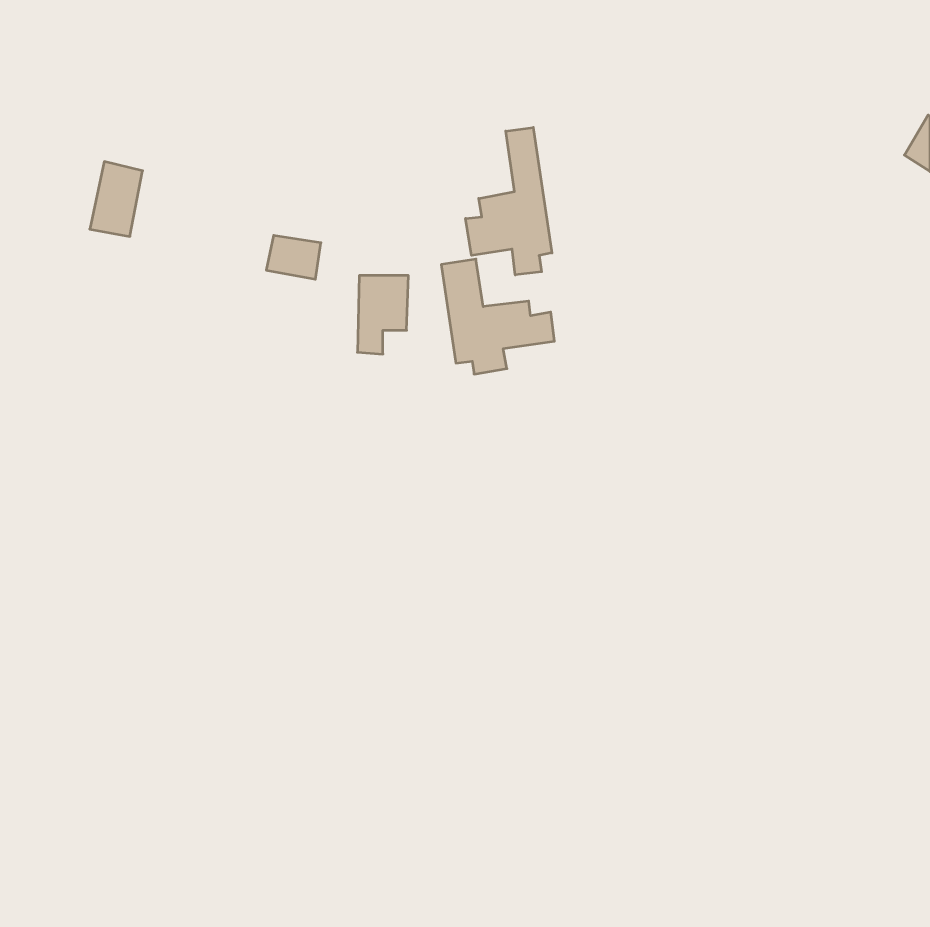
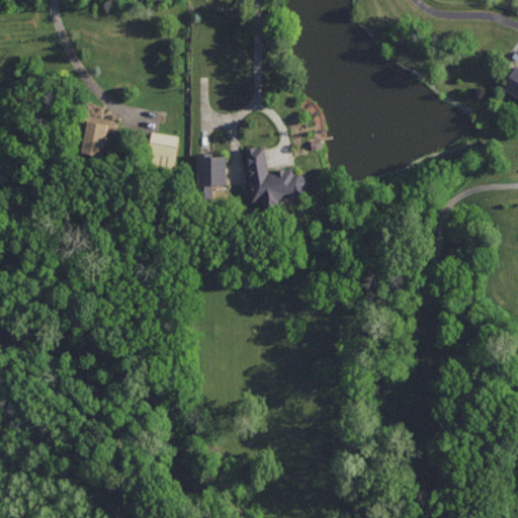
building: [466,127,552,275] -> none
building: [90,162,143,236] -> [81,116,110,158]

